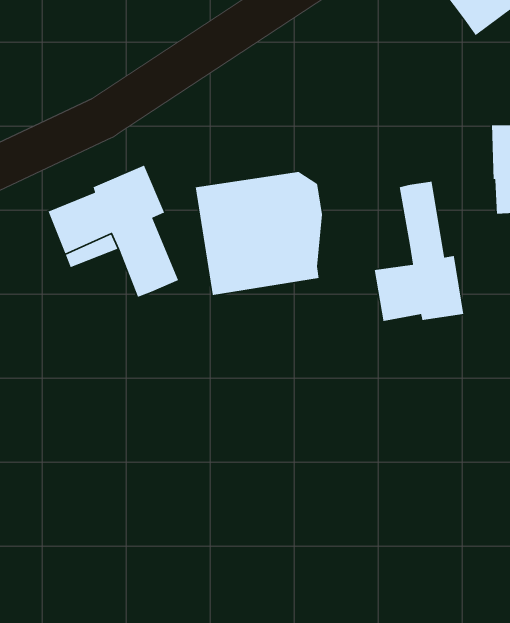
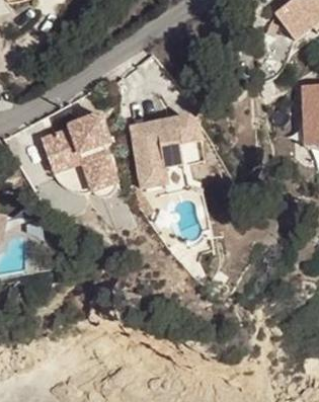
building: [374,181,464,322] -> none

